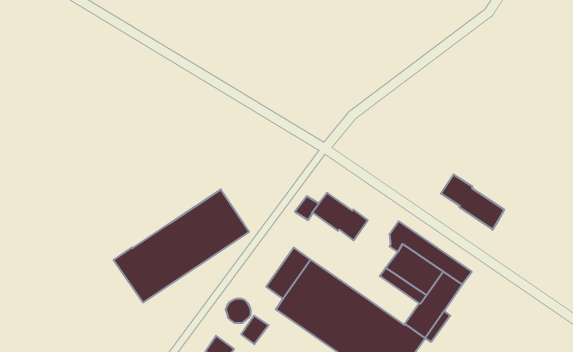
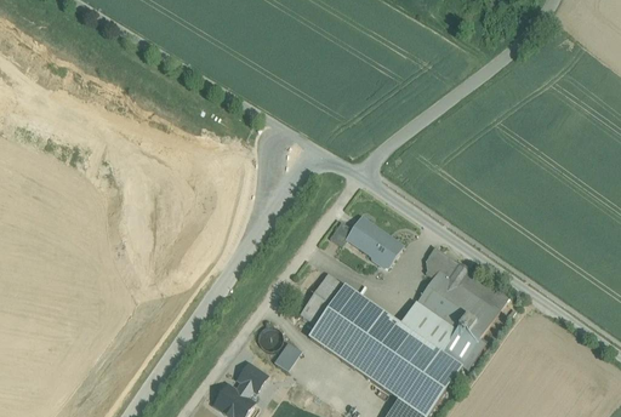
building: [441,174,504,230] -> none
building: [114,189,249,302] -> none
building: none -> [400,302,455,352]

